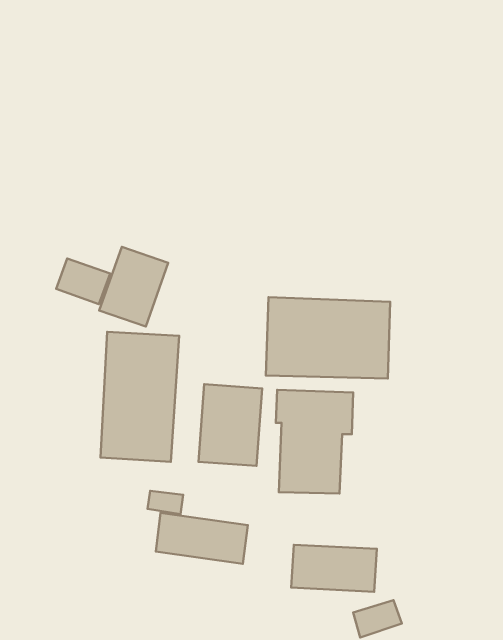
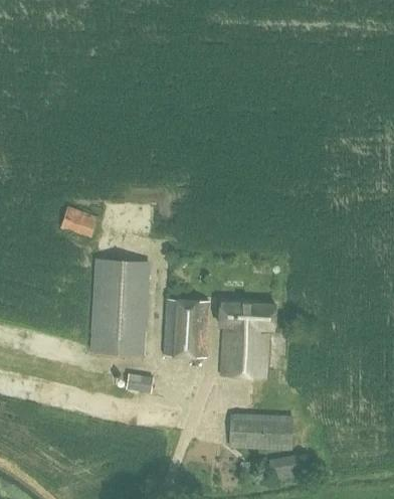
building: [99,247,168,326] -> none
building: [266,297,390,378] -> none
building: [156,513,248,564] -> none

